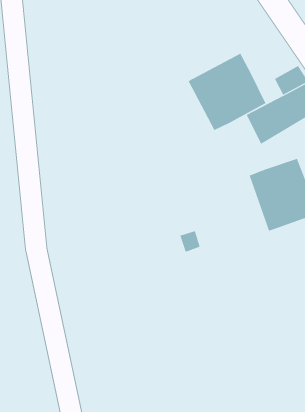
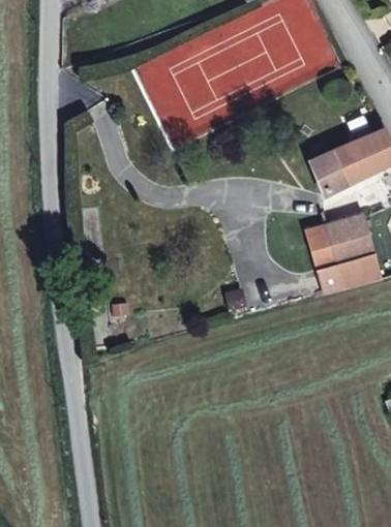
building: [188,53,266,131] -> none

